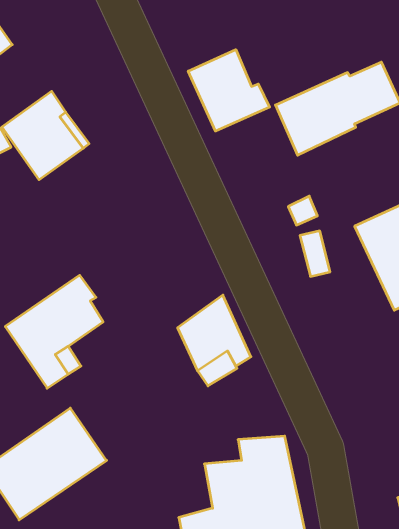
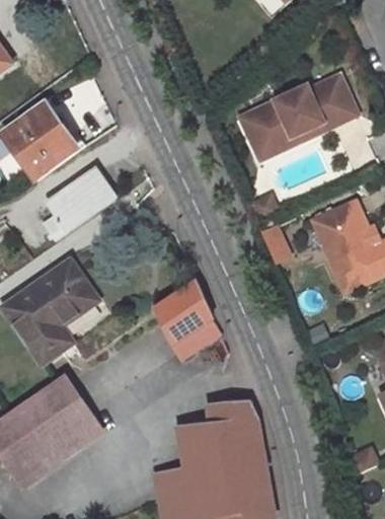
building: [188,50,270,131] -> none
building: none -> [44,168,119,239]

